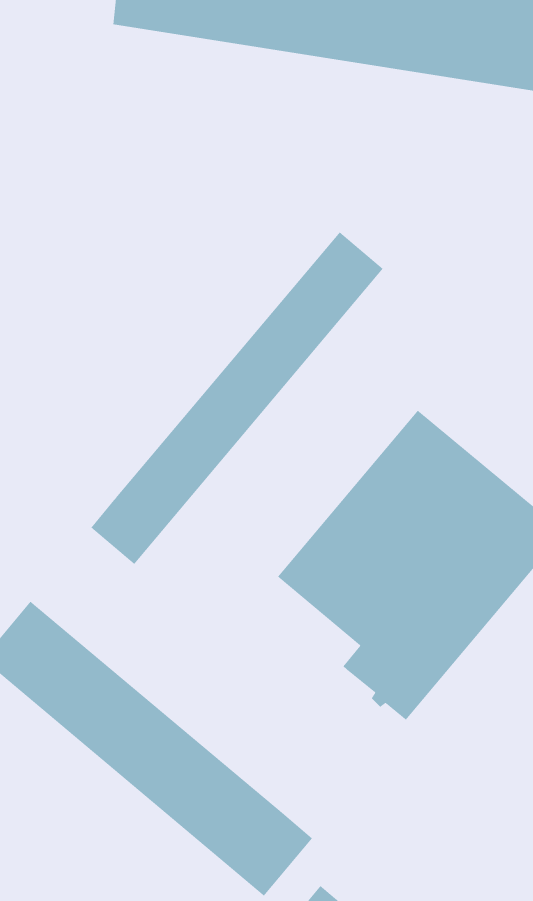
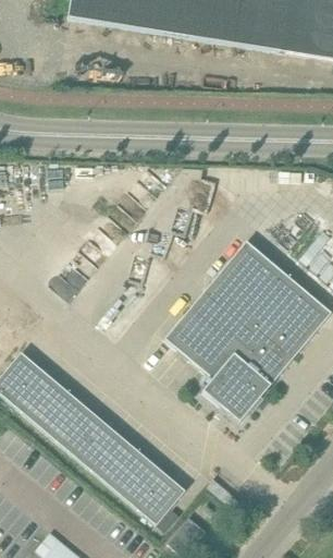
building: [90,232,383,565] -> none

